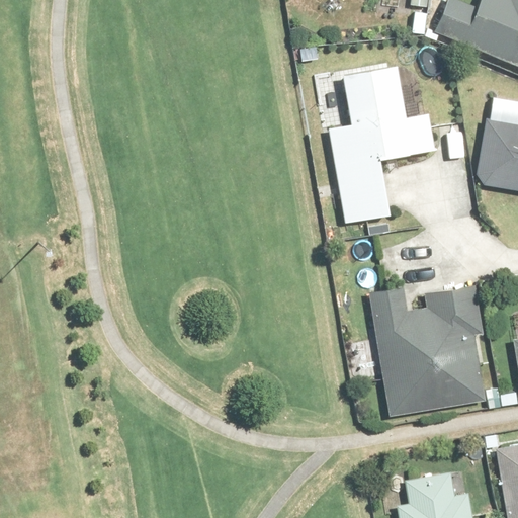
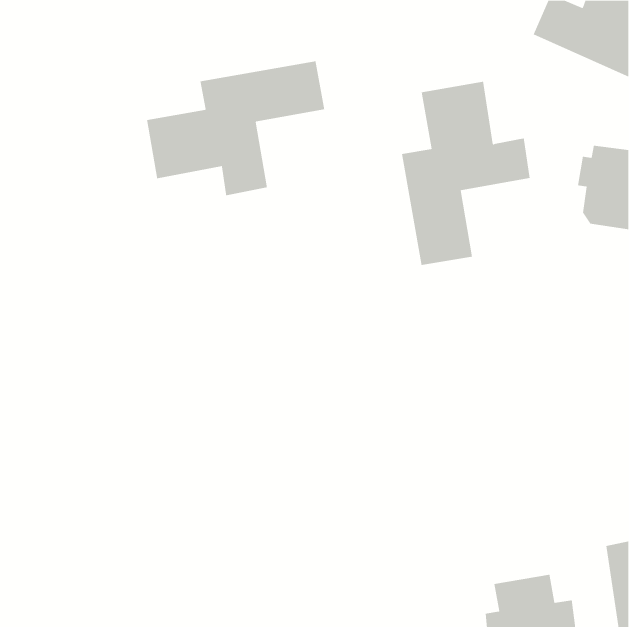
building: none -> [146,61,325,196]
building: [369,286,486,416] -> none

